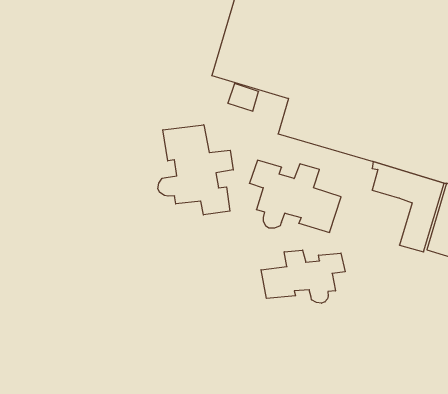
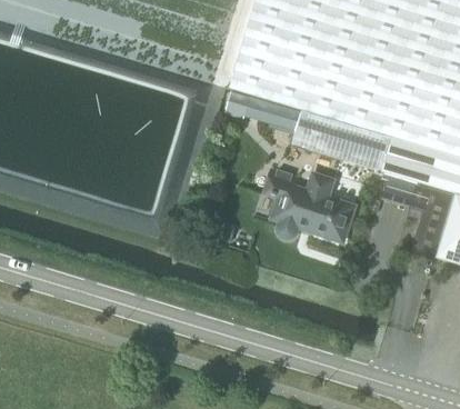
building: [158,125,233,215] -> none
building: [261,250,345,303] -> none

